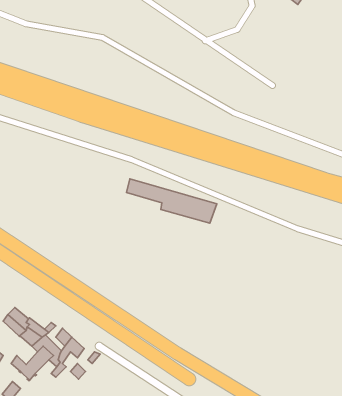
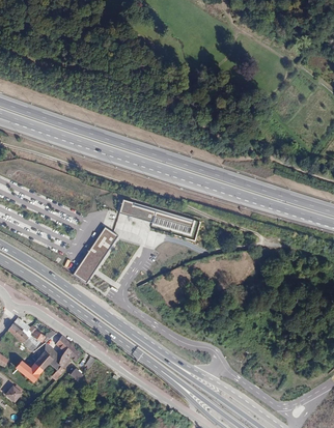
building: none -> [73,227,118,283]

